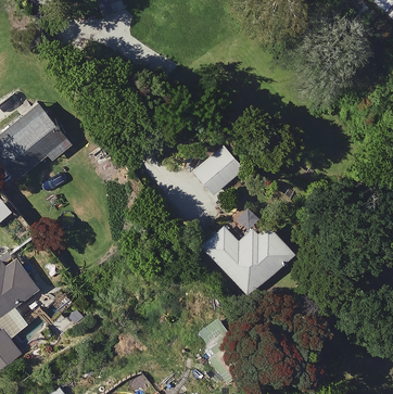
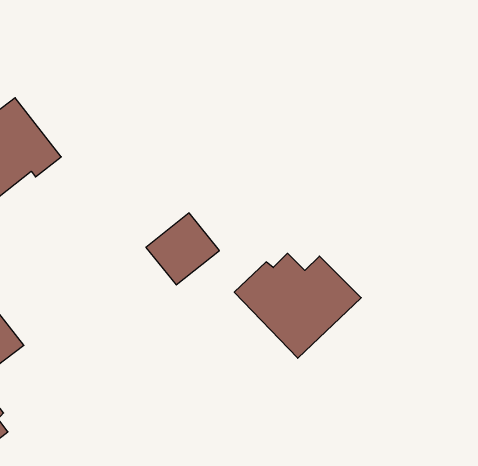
building: [191,143,246,198] -> [146,213,219,285]

